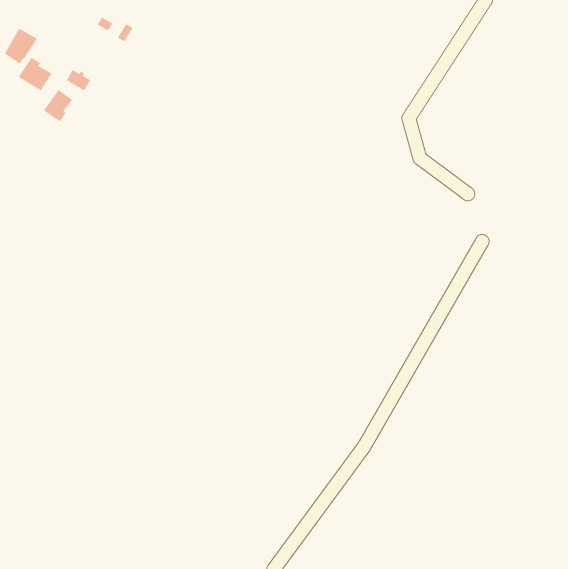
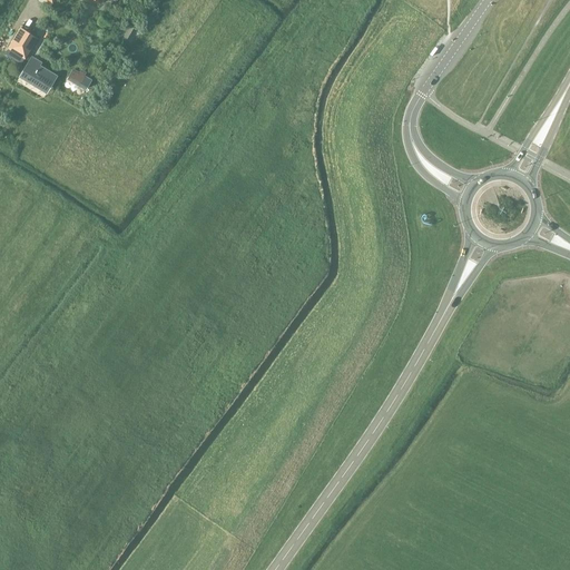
building: [43,89,73,122] -> none

